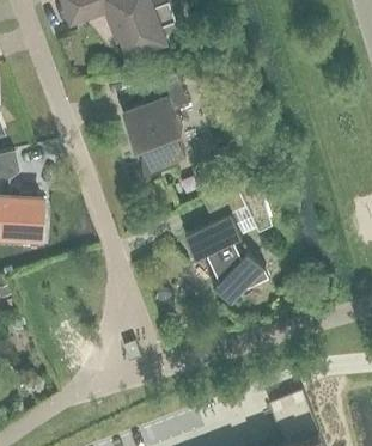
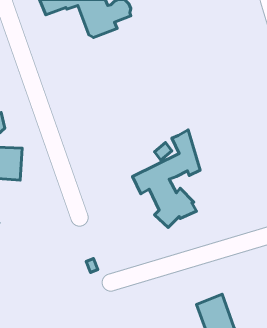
building: [122,74,188,181] -> none

